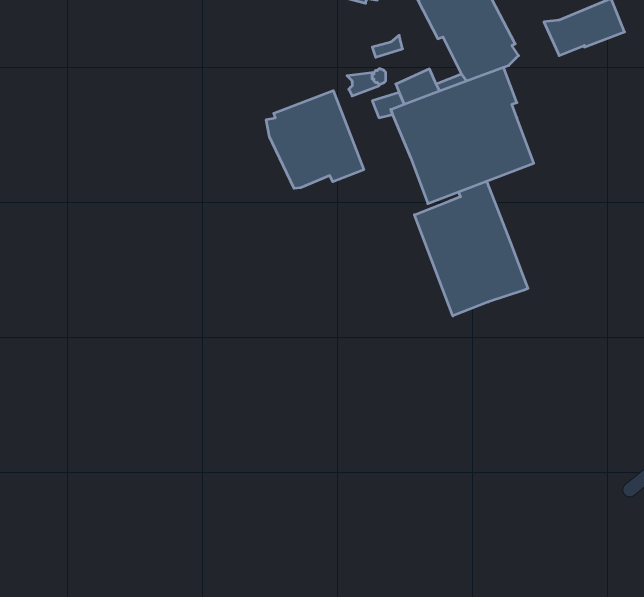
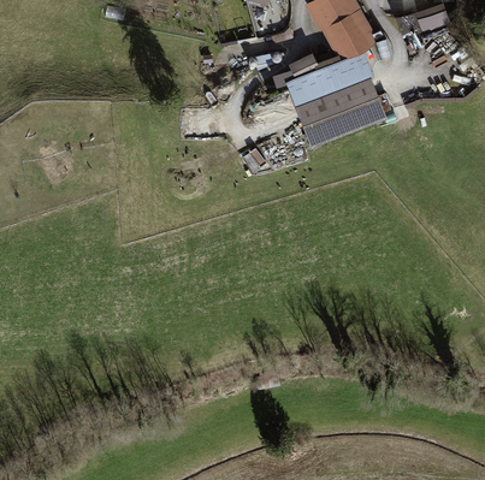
building: [266,91,364,188] -> none
building: [414,181,528,316] -> none

